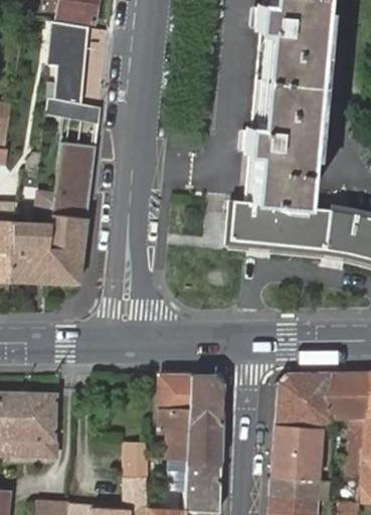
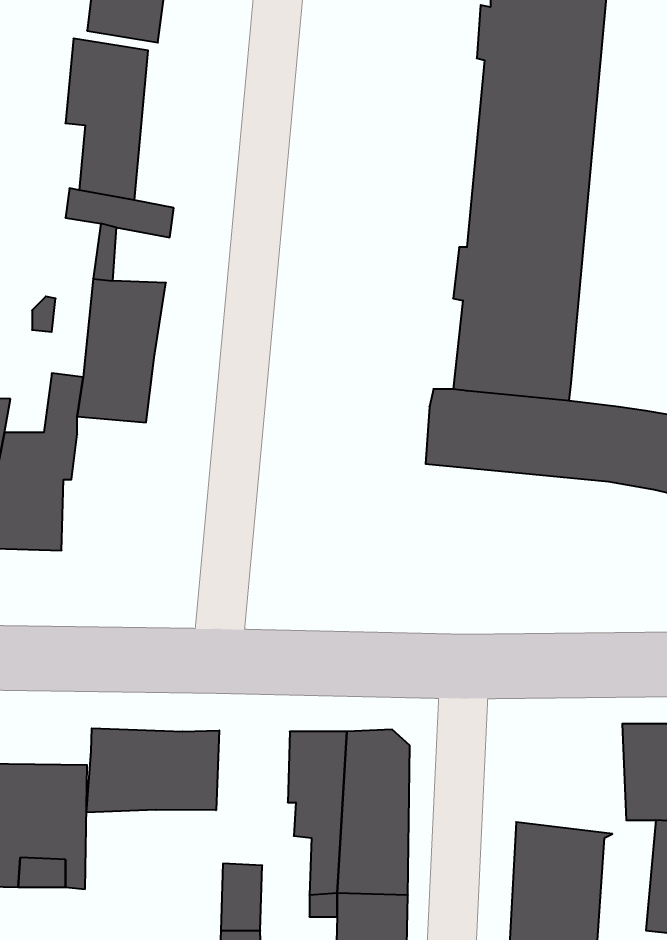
building: [44,214,87,283] -> none
building: [276,371,333,427] -> none
building: none -> [86,728,219,813]

